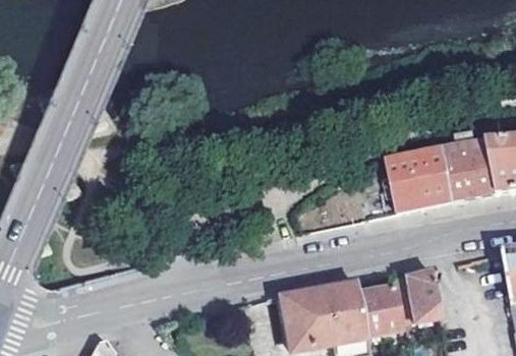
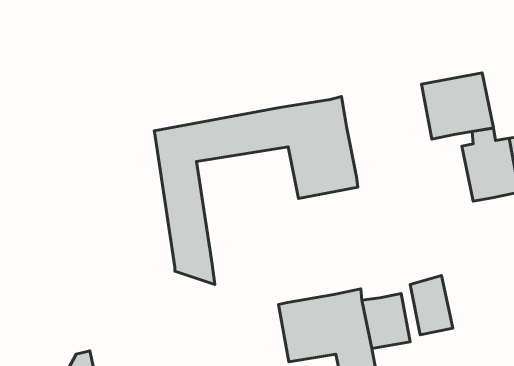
building: none -> [154,96,358,285]
building: [393,151,458,211] -> [422,73,494,139]

